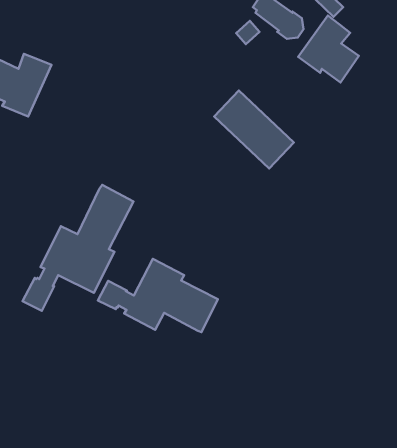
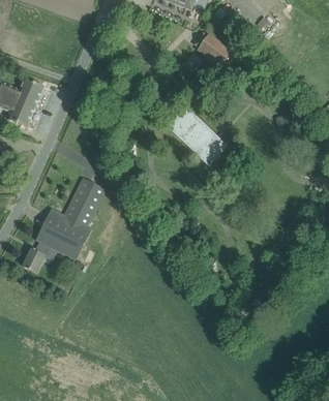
building: [298,15,359,82] -> none
building: [98,259,218,332] -> none

